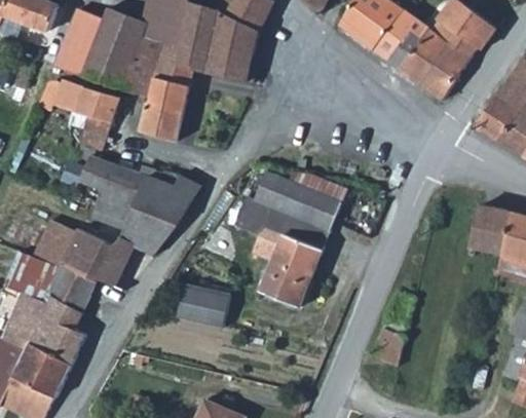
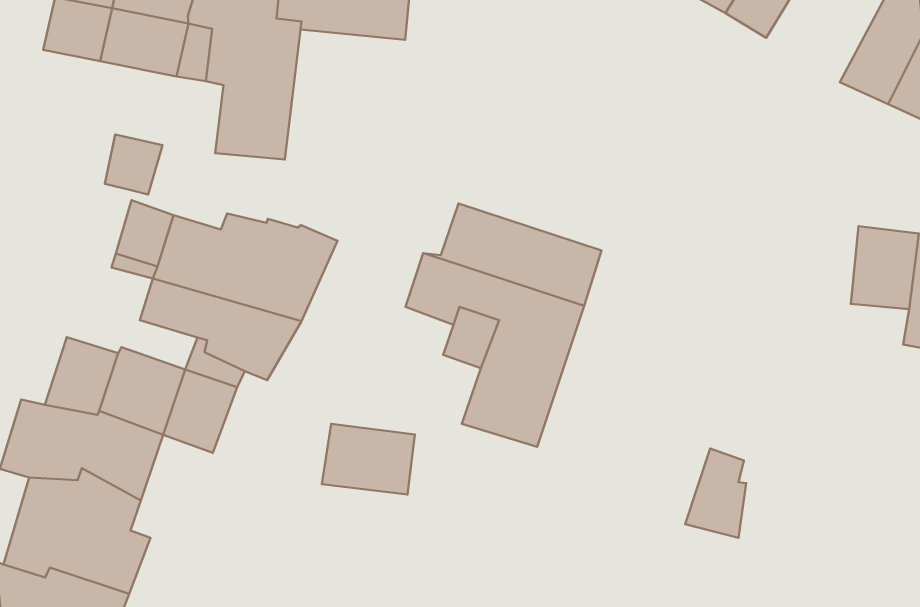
building: [54,78,120,123] -> none

